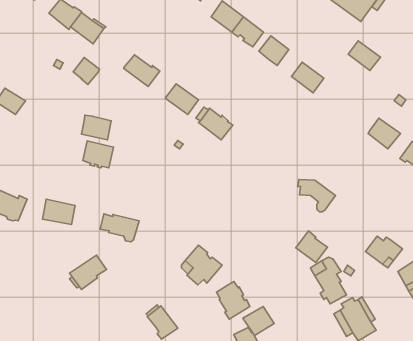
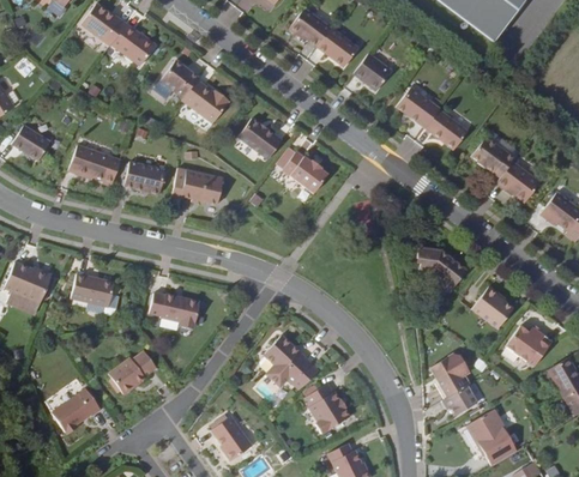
building: [348,41,381,71] -> [433,113,476,152]
building: [73,57,99,85] -> [162,61,197,97]
building: none -> [478,139,523,181]
building: none -> [68,144,111,182]
building: [83,141,113,168] -> [181,169,222,205]
building: [296,231,327,262] -> [469,283,511,325]
building: none -> [53,387,102,433]
building: [243,306,274,335] -> none

